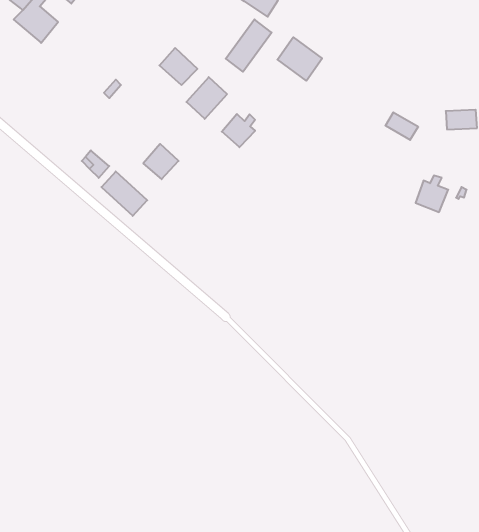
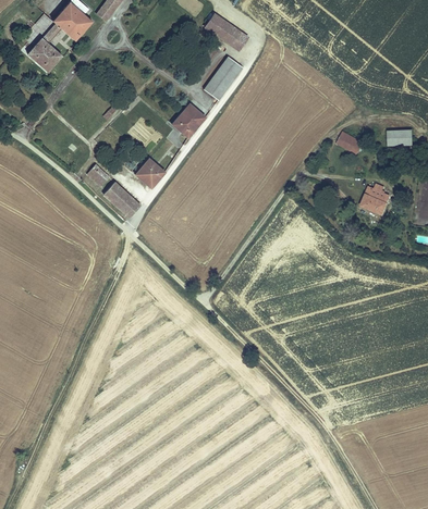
building: [277,37,322,81] -> none
building: [159,48,197,85] -> none
building: [222,114,255,147] -> none

